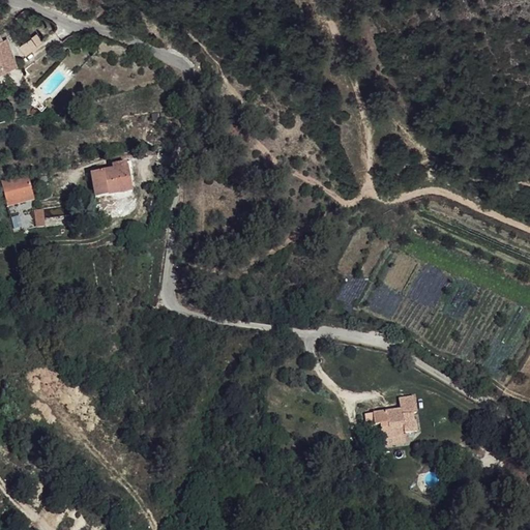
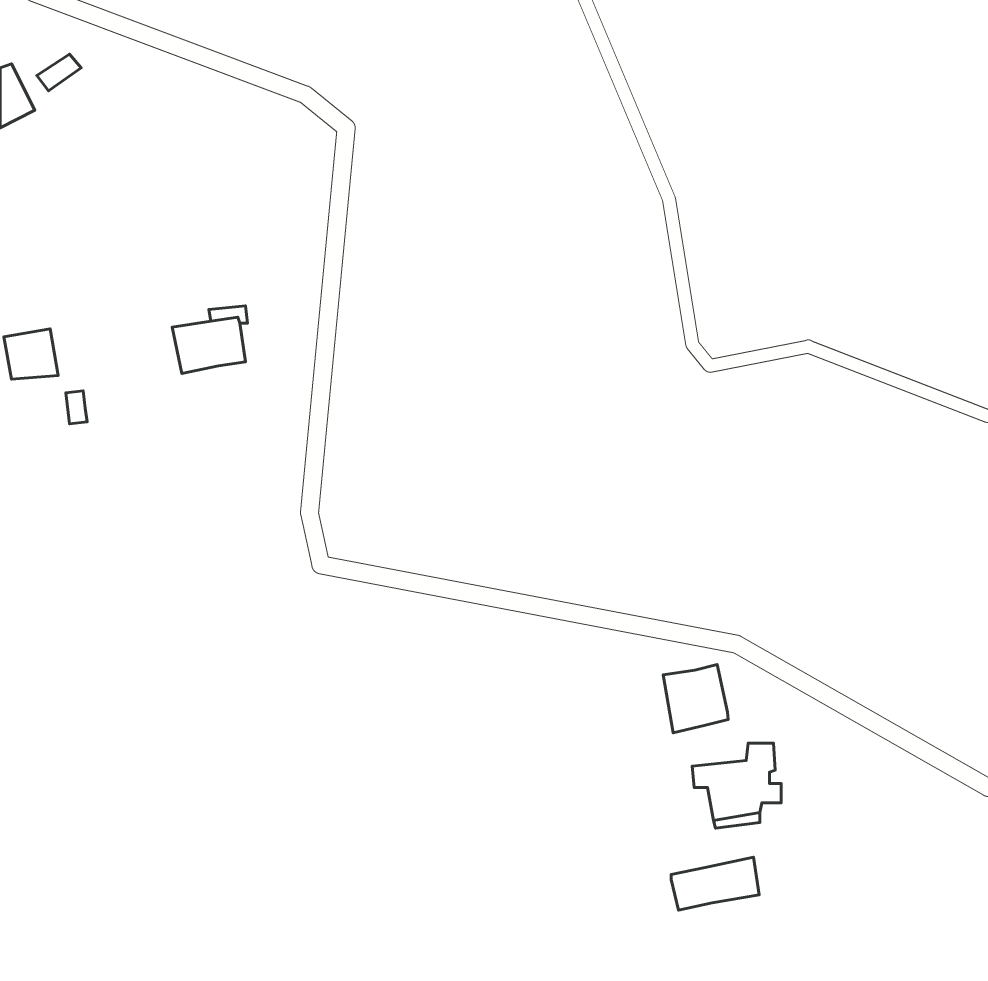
building: none -> [663,664,728,733]
building: none -> [671,857,759,910]

